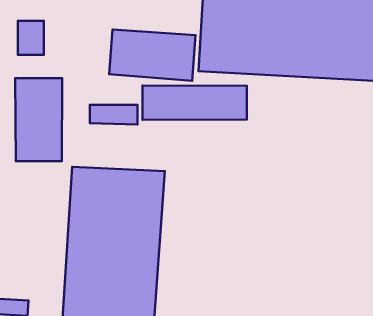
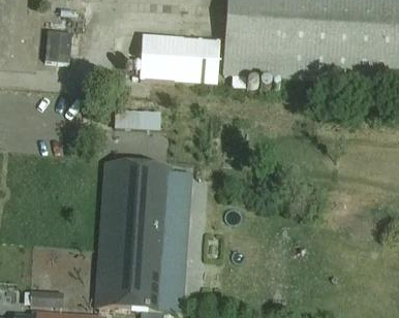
building: [15,78,62,161] -> none
building: [143,85,247,120] -> none

